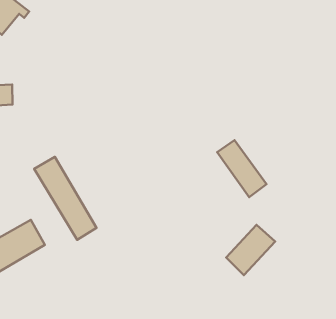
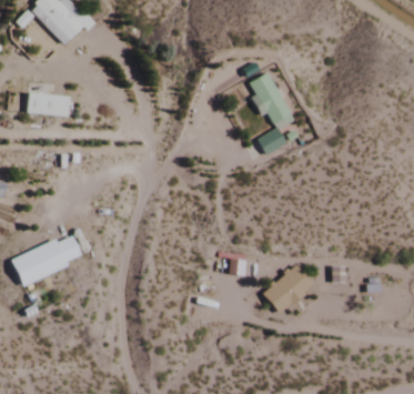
building: [217,140,266,197] -> [248,72,293,131]
building: [34,157,96,240] -> none

